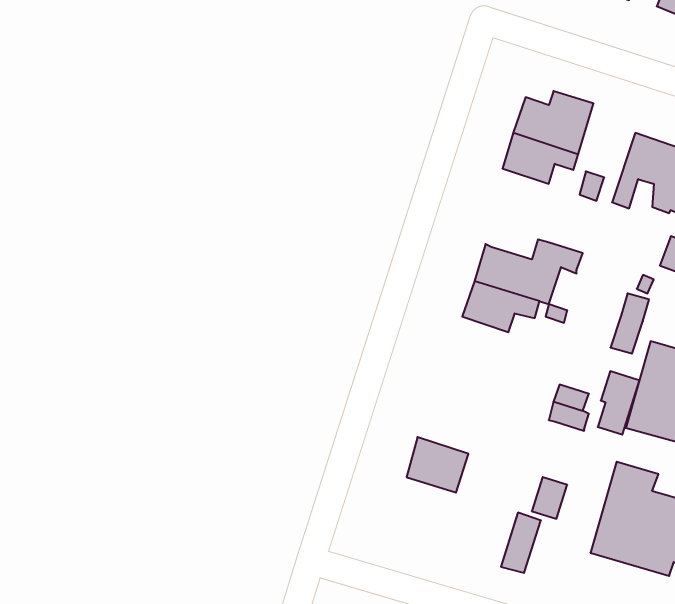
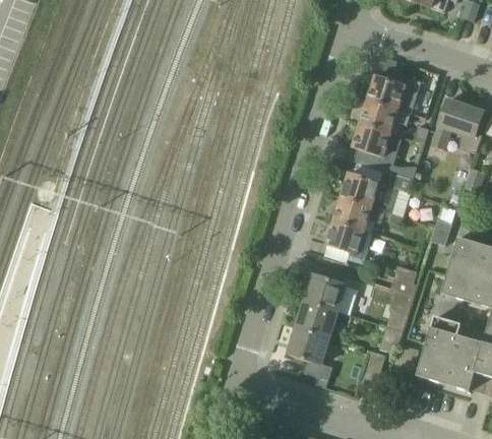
building: none -> [352,122,402,171]
building: none -> [326,220,370,262]
building: [598,371,639,435] -> [386,289,414,330]
building: none -> [304,272,358,314]
building: none -> [288,325,329,379]

